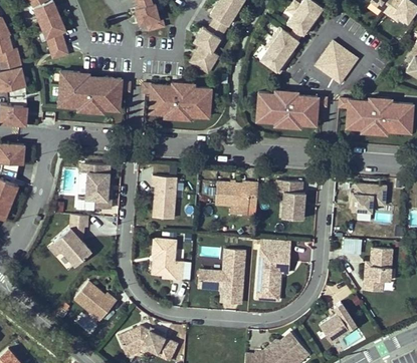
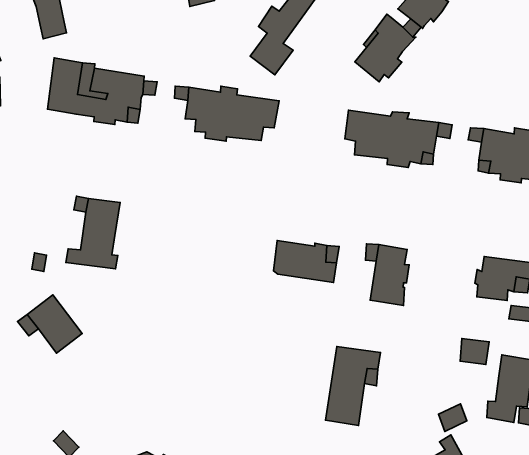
building: [315,44,357,86] -> none
building: [153,174,178,218] -> none
building: [152,238,184,279] -> none
building: [198,249,244,297] -> none
building: [73,282,117,321] -> none

